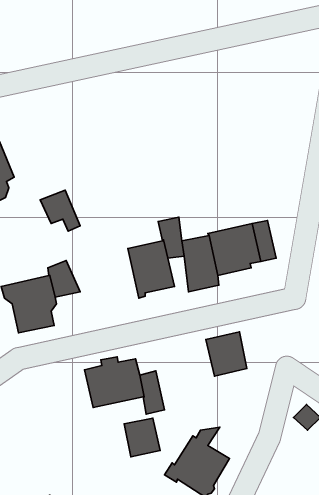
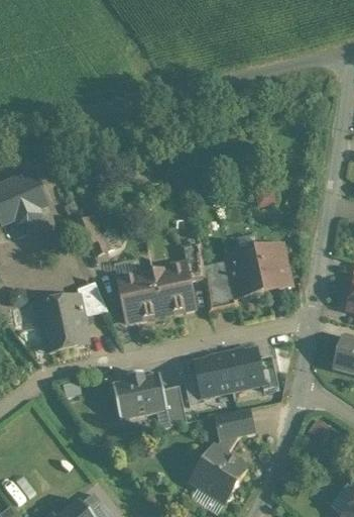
building: none -> [117,271,162,321]
building: none -> [195,355,233,396]
building: none -> [214,408,255,440]
building: [124,418,160,457] -> none

